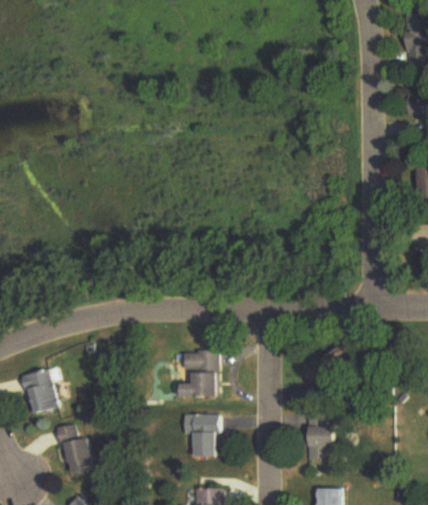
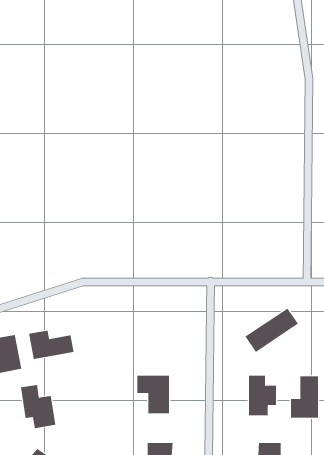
building: [181,351,218,397] -> none
building: none -> [28,330,74,360]
building: none -> [290,375,319,419]

